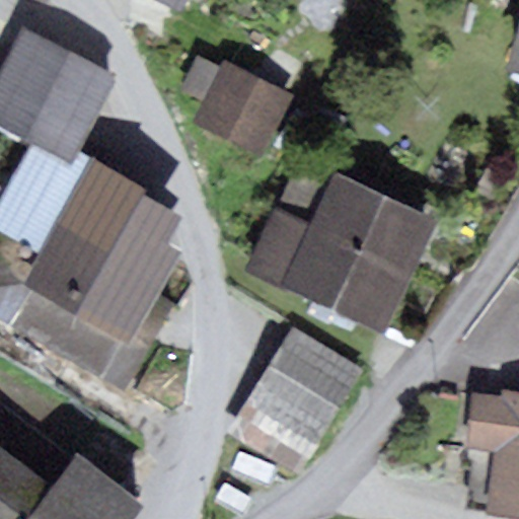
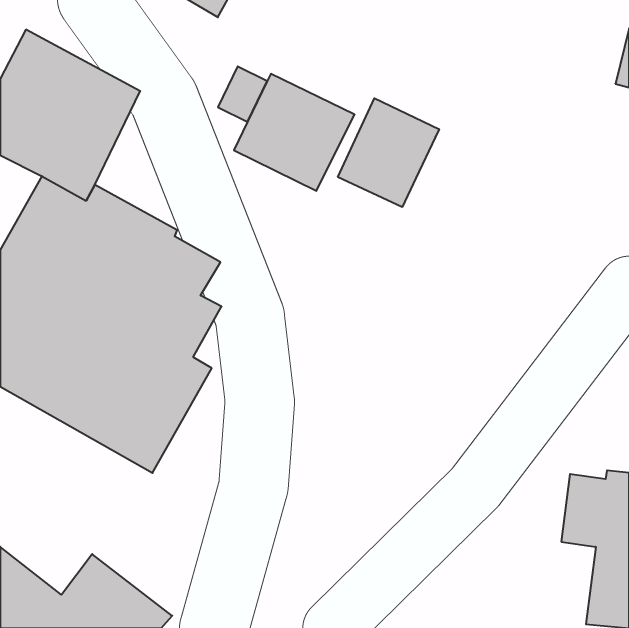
building: none -> [338,98,439,207]
building: [246,169,439,333] -> none
building: [226,325,363,476] -> none

